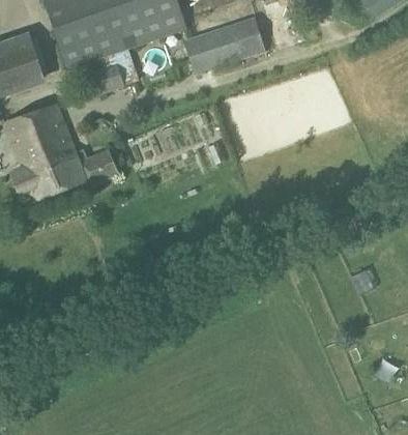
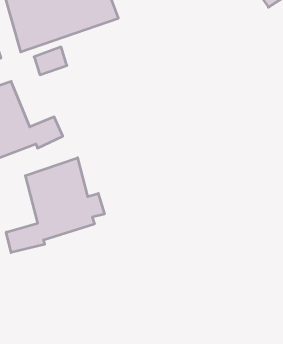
building: [183,17,264,71] -> none
building: none -> [6,158,104,253]

